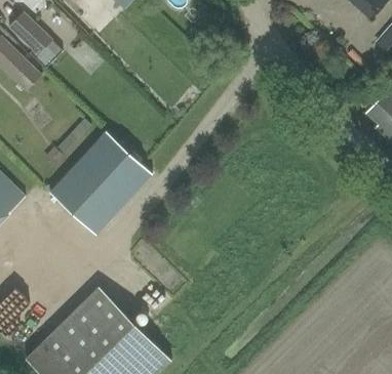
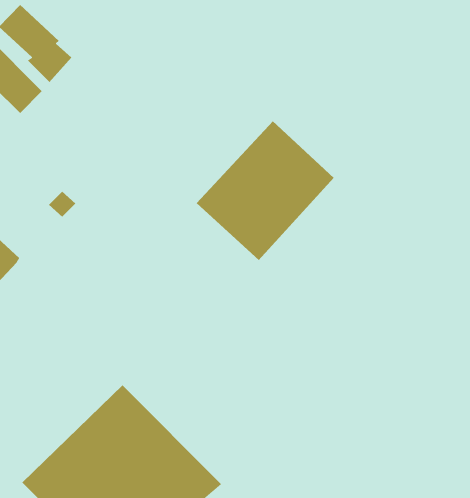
building: [50,133,152,236] -> [196,120,334,261]

